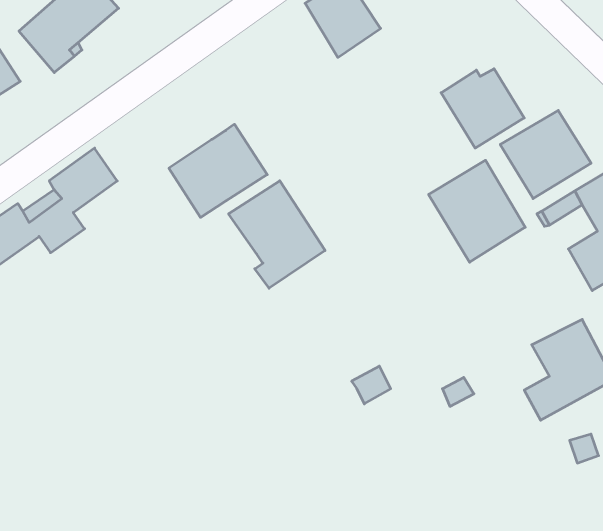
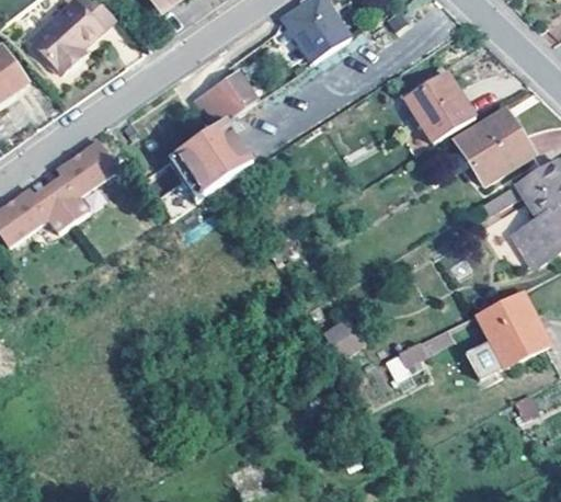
building: none -> [194,69,254,125]
building: [429,160,525,262] -> none
building: [229,181,325,288] -> none

